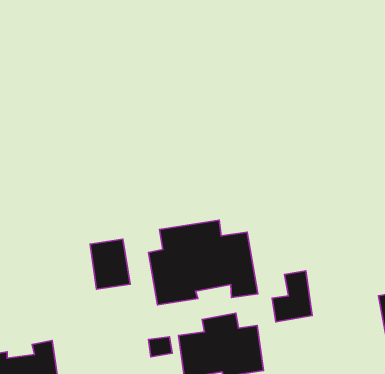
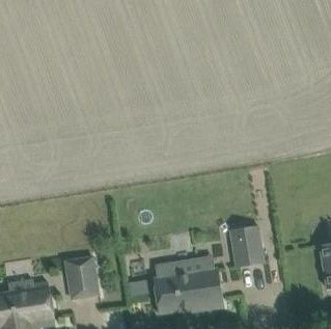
building: [148,220,258,305] -> none
building: [90,239,130,289] -> [64,257,98,299]

